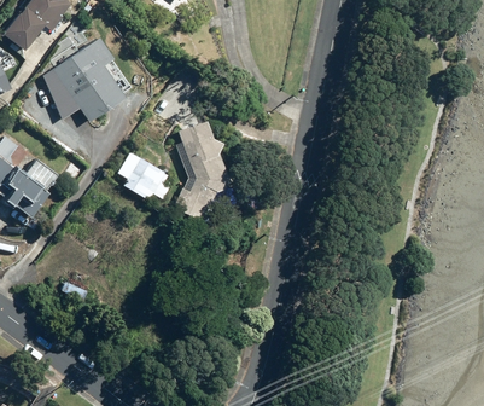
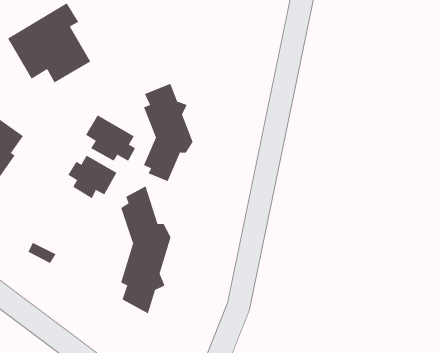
building: none -> [68,155,117,199]
building: none -> [121,186,171,314]

